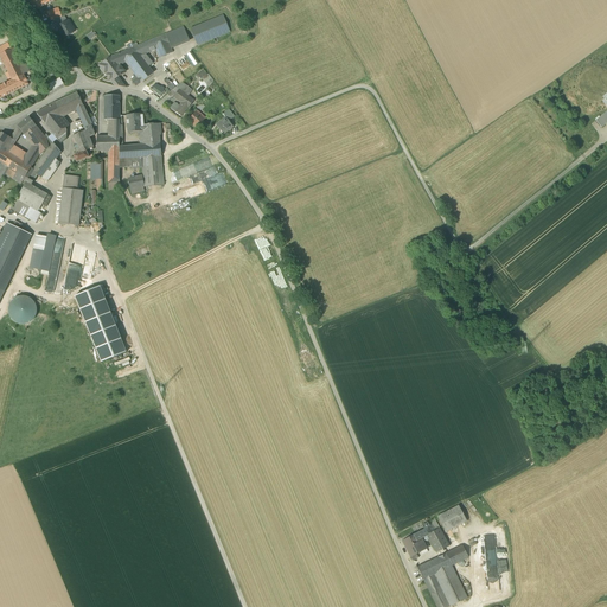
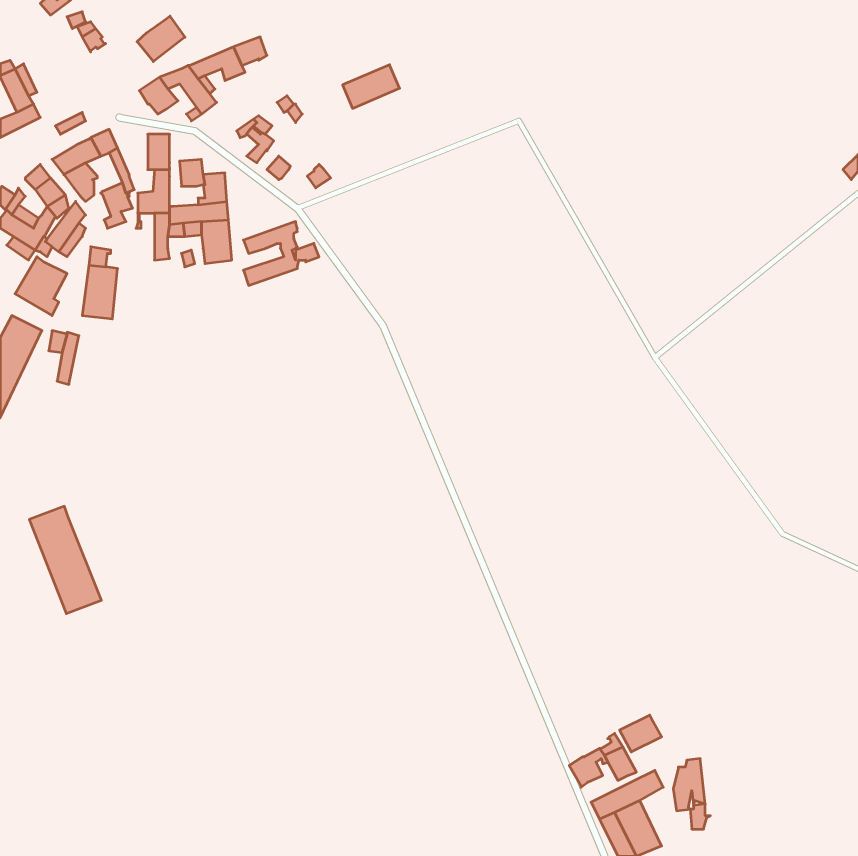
building: none -> [137,16,185,62]
building: [190,14,230,45] -> [343,65,400,108]
building: [75,286,126,362] -> [29,506,101,614]
building: [8,295,37,324] -> none

